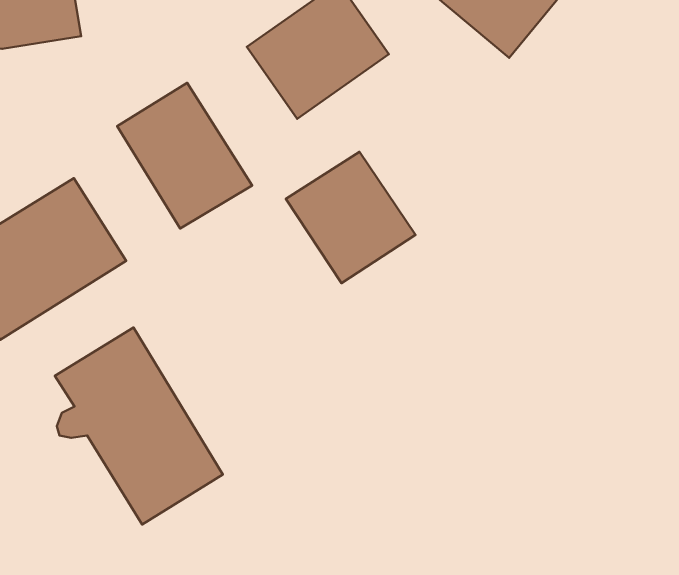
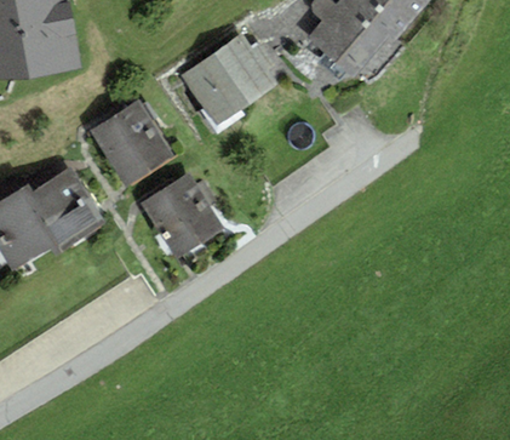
building: [286,152,415,283] -> [143,171,230,259]
building: [55,327,223,524] -> none

